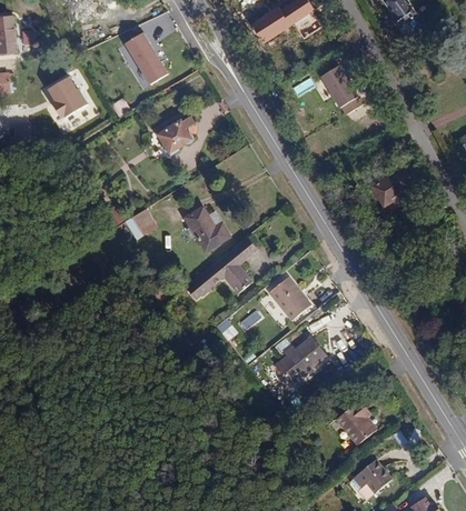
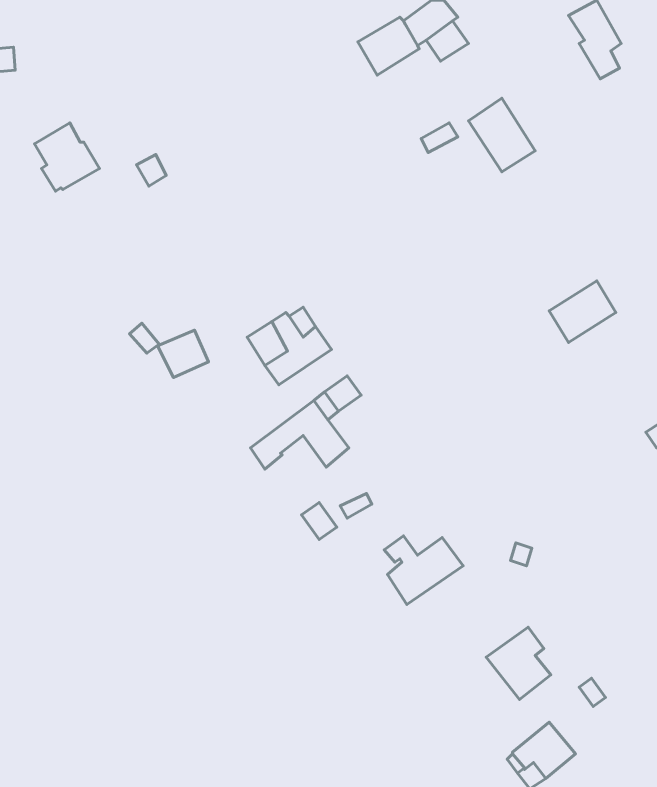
building: [126,33,169,86] -> none
building: [156,121,195,157] -> none
building: [271,274,313,319] -> none

